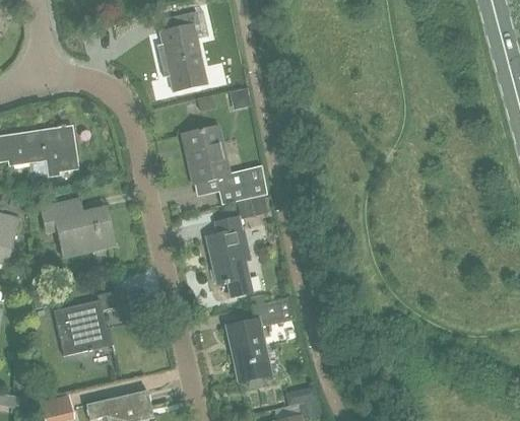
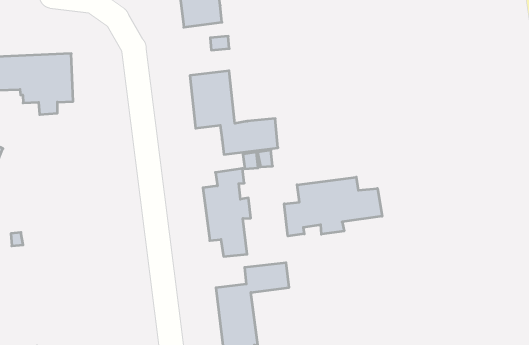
building: [41,201,113,256] -> none
building: none -> [284,177,382,236]
building: [52,288,125,355] -> none

